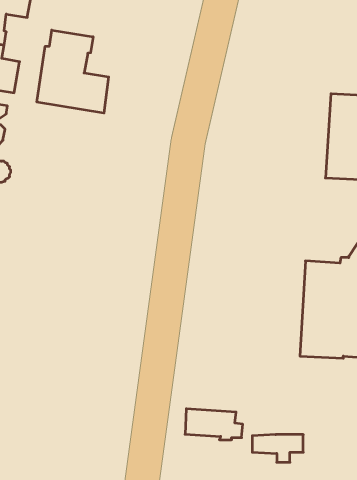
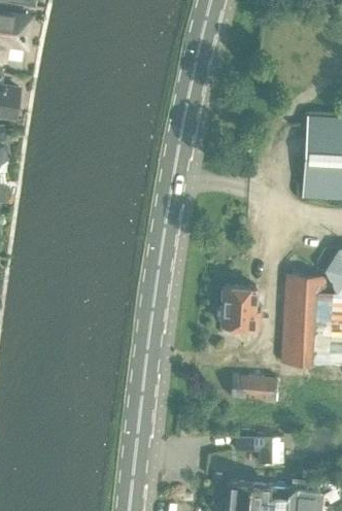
building: [37,30,109,113] -> none
building: none -> [218,286,260,328]
building: [185,409,243,440] -> [230,375,283,404]

